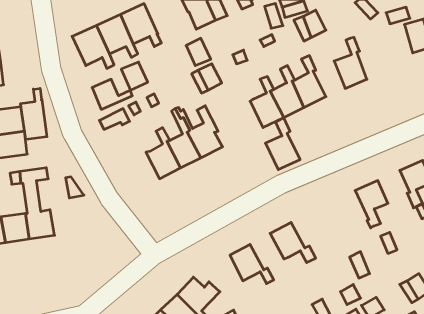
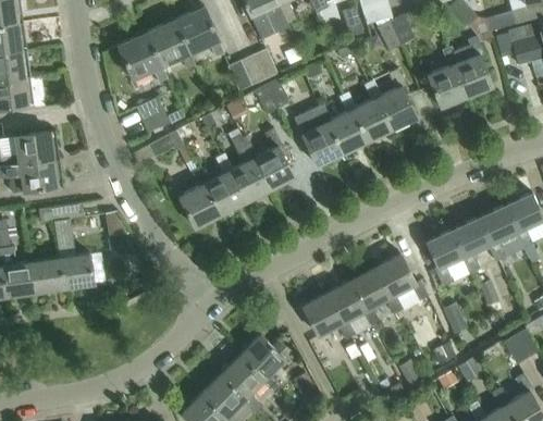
building: none -> [452,36,492,97]
building: [121,62,148,90] -> [229,57,260,90]
building: [21,88,47,139] -> none
building: [265,118,300,170] -> [299,104,341,166]
building: none -> [177,168,218,228]
building: none -> [478,206,520,262]
building: none -> [424,230,469,286]
building: none -> [374,256,425,302]
building: none -> [325,281,378,329]

